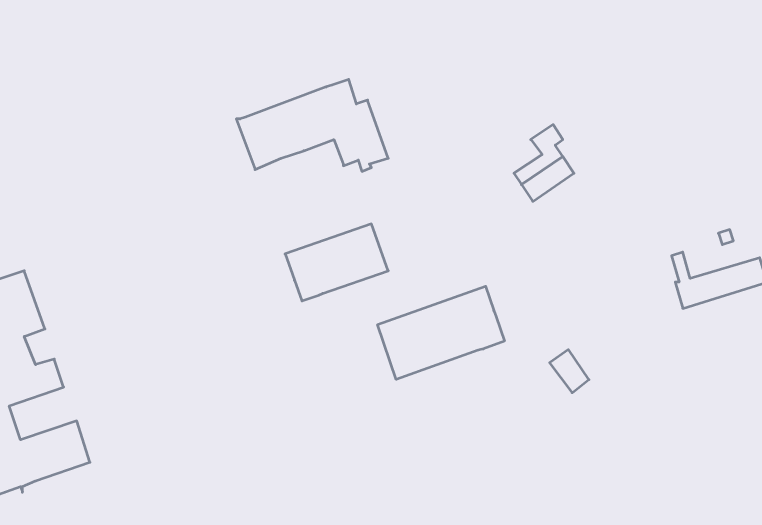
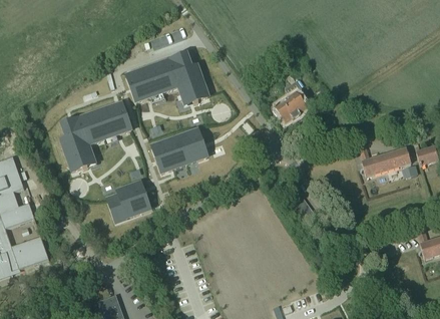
building: none -> [61,102,131,170]
building: [378,286,504,379] -> none
building: none -> [107,183,150,221]

